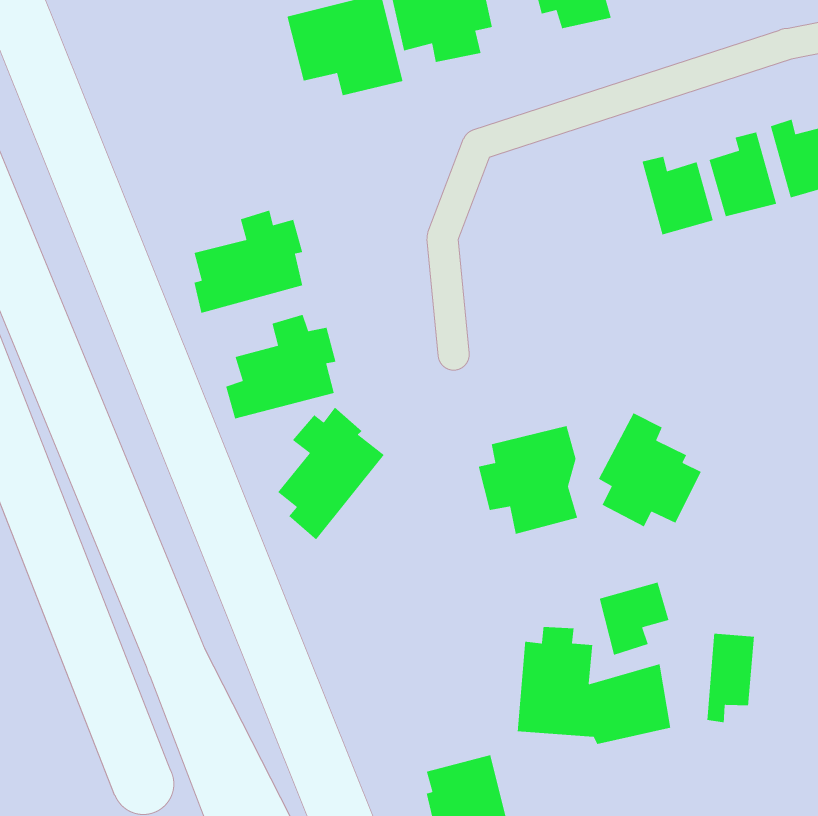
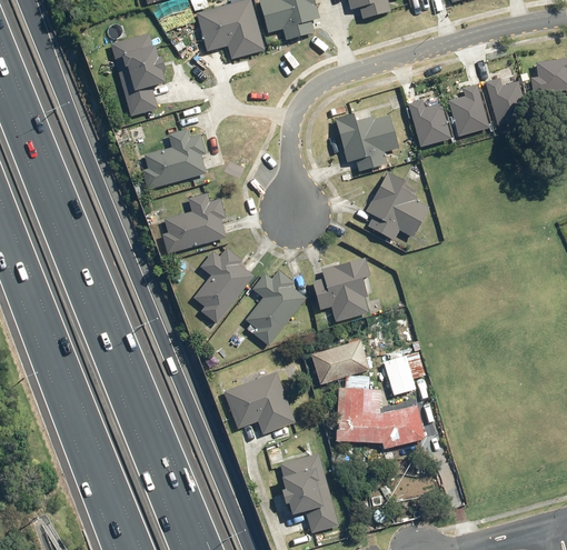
building: none -> [110,34,166,120]
building: none -> [334,108,399,173]
building: [598,412,702,527] -> [366,171,428,240]
building: none -> [247,269,307,343]
building: none -> [308,339,368,386]
building: none -> [223,372,296,437]
building: [707,633,755,723] -> none

